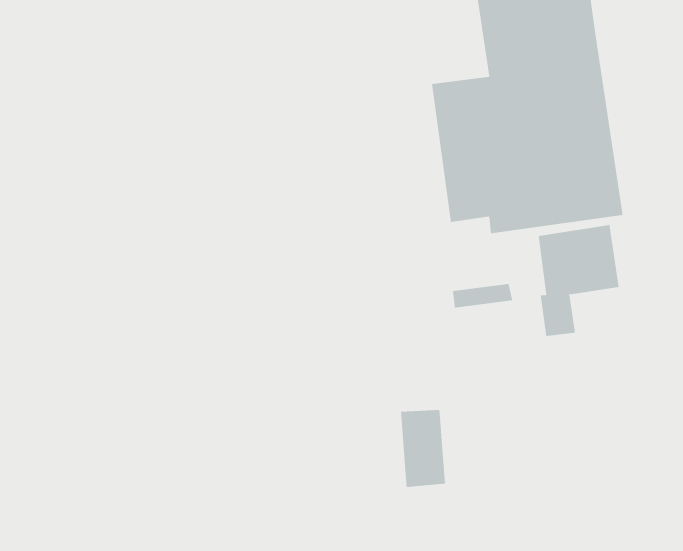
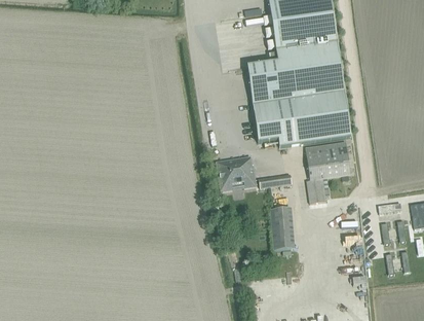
building: none -> [217,155,256,189]
building: [400,410,446,488] -> [270,207,295,249]

